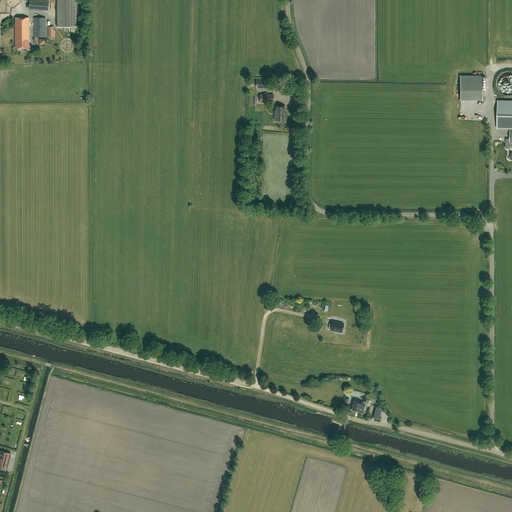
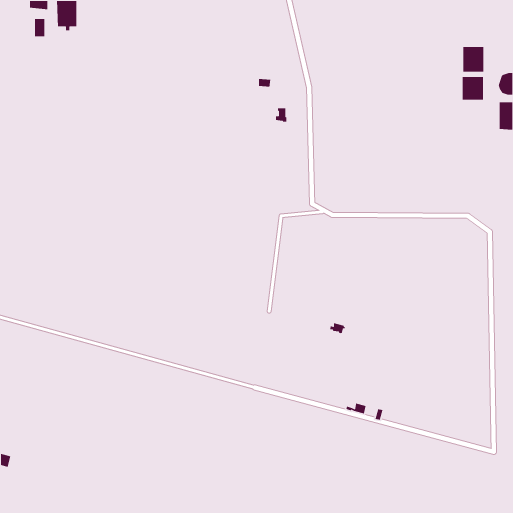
building: [15,18,29,48] -> none
building: none -> [462,46,484,73]

